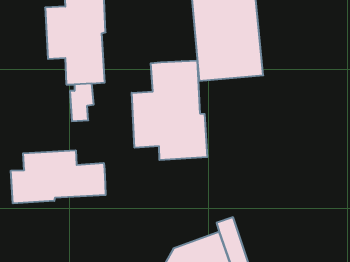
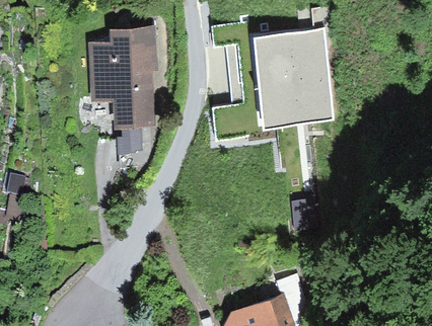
building: [132,60,207,160] -> none
building: [11,150,106,203] -> none

